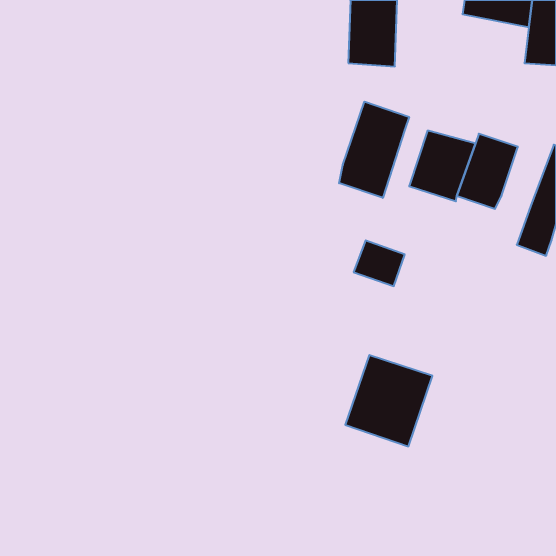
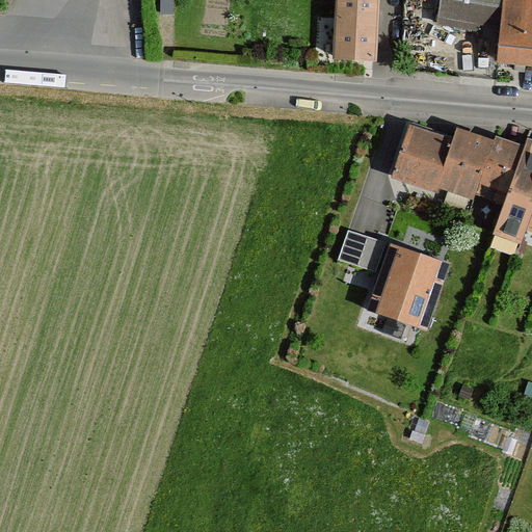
building: [339,102,409,198] -> none
building: none -> [479,136,526,196]
building: [345,355,432,446] -> [368,244,451,331]

